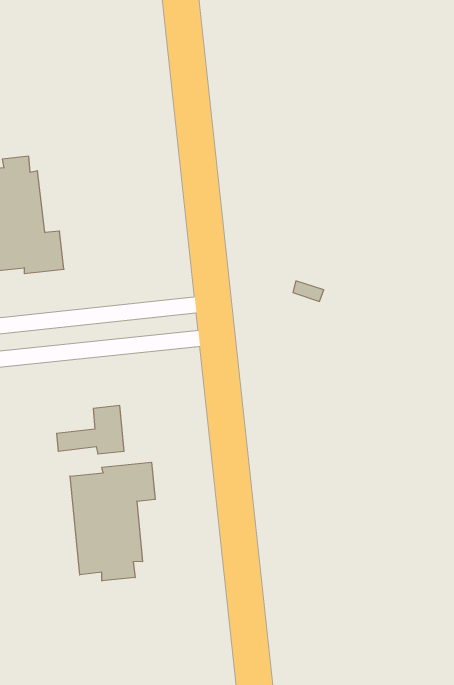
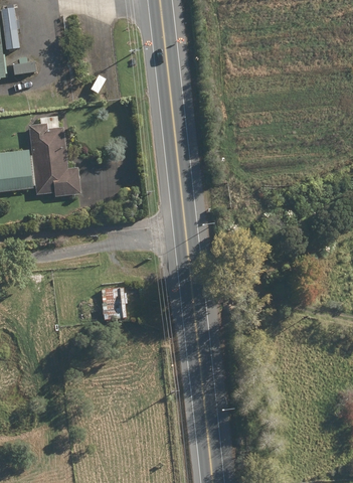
building: [70,462,155,581] -> none

